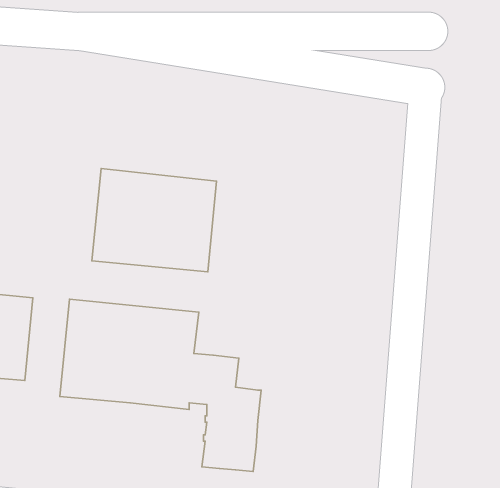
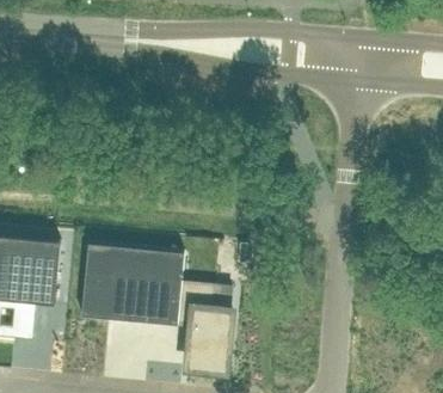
building: [92,168,217,272] -> none

